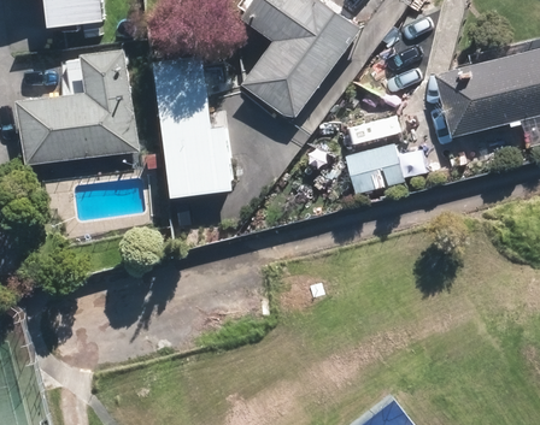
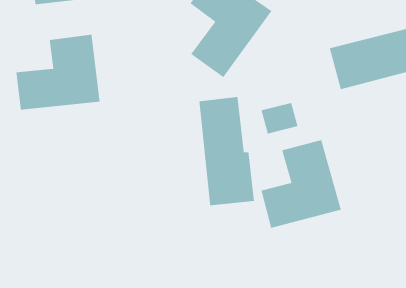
building: [157,49,230,193] -> [198,96,255,206]
building: none -> [261,139,342,229]

